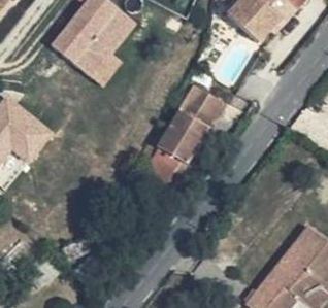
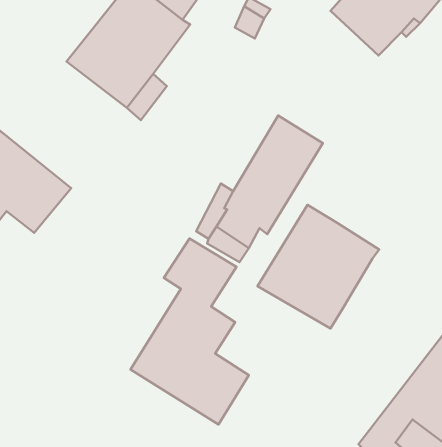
building: none -> [258,205,379,329]
building: none -> [130,238,249,425]

